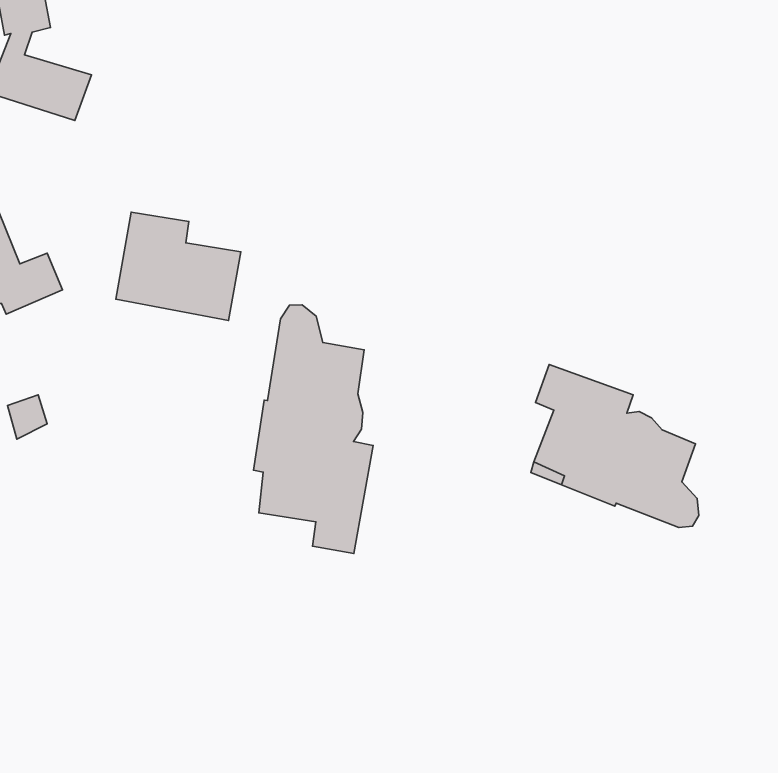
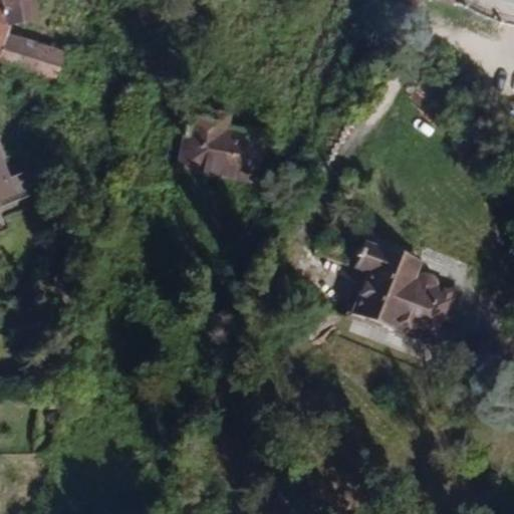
building: [116,212,241,320] -> [177,108,259,180]
building: [254,305,373,554] -> none

